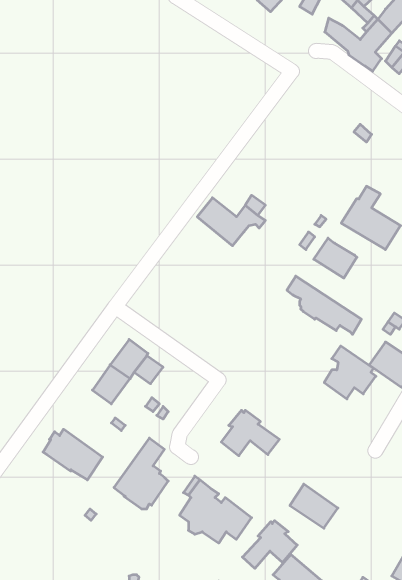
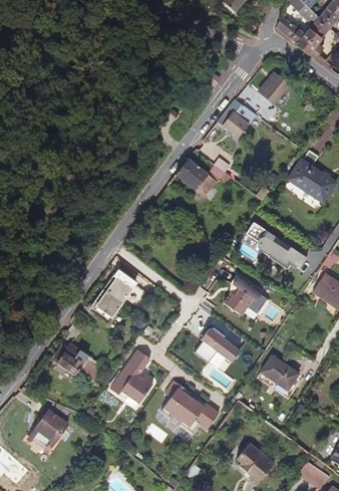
building: none -> [258,71,288,102]
building: none -> [217,99,256,138]
building: [314,238,357,278] -> none
building: [324,346,376,399] -> [224,273,265,315]
building: [290,484,338,528] -> [261,354,299,390]
building: none -> [30,401,72,449]
building: [242,521,297,568] -> none

